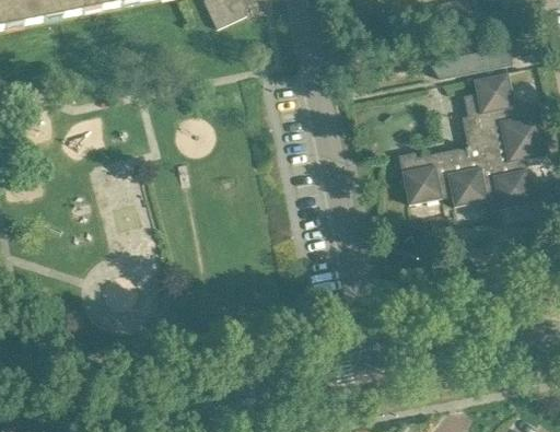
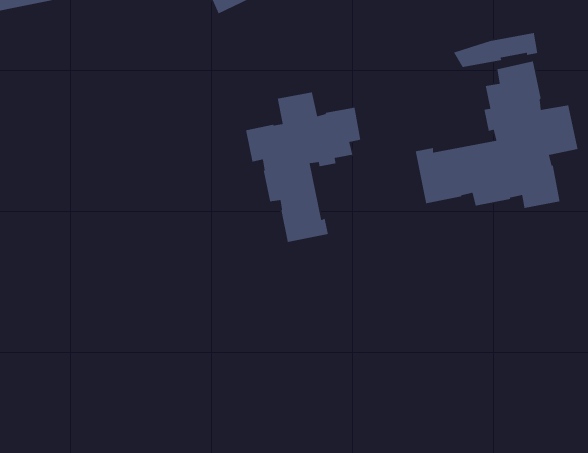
building: none -> [245,91,361,243]

